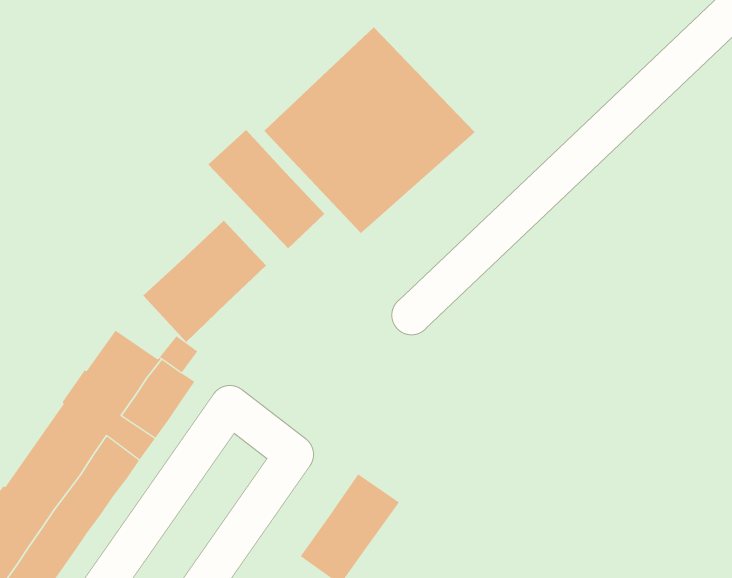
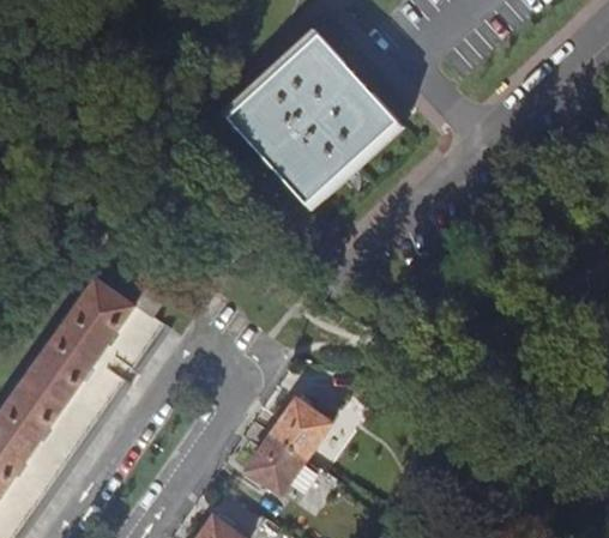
building: [207,129,325,249] -> none
building: [142,220,267,343] -> none

